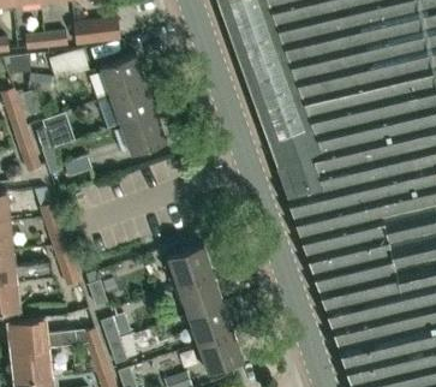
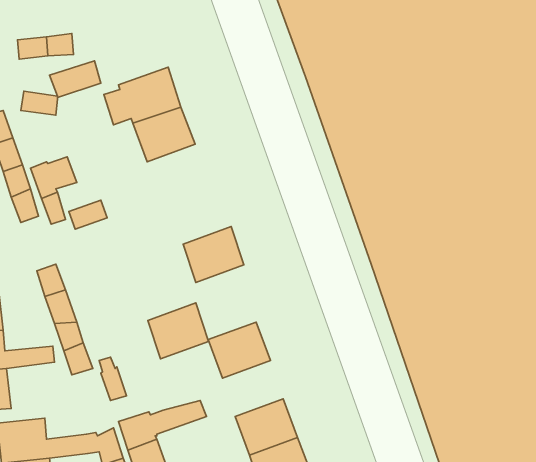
building: [73,17,119,50] -> none
building: [121,114,167,156] -> [183,226,244,283]
building: [178,276,223,318] -> [148,303,209,359]

